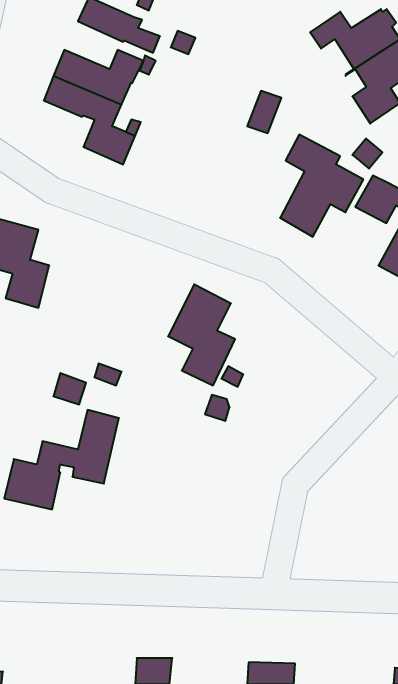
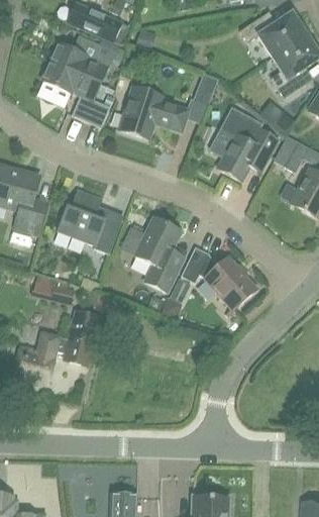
building: none -> [118,86,188,138]
building: none -> [57,189,122,253]
building: none -> [181,246,255,309]

